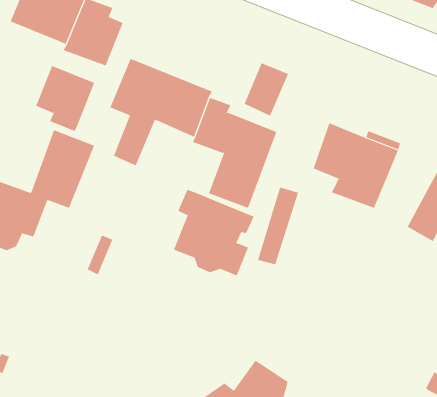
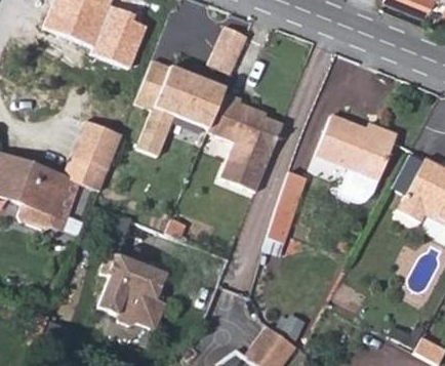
building: [244,63,289,116] -> [208,25,248,73]
building: [36,65,95,132] -> none
building: [173,189,255,276] -> [99,251,172,329]

